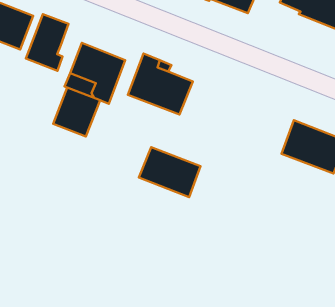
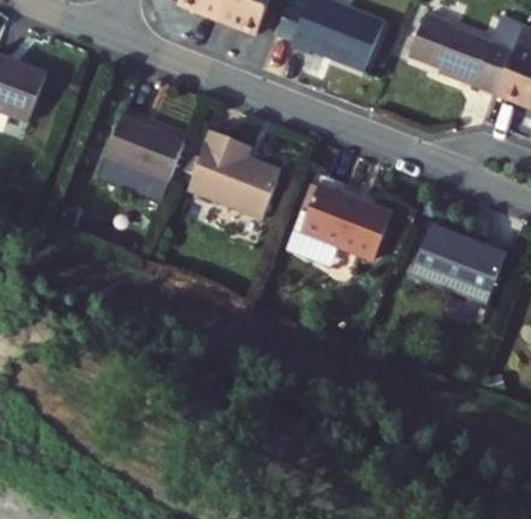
building: [26,14,69,71] -> none
building: [53,88,100,136] -> none
building: [139,147,201,197] -> [301,187,391,260]

